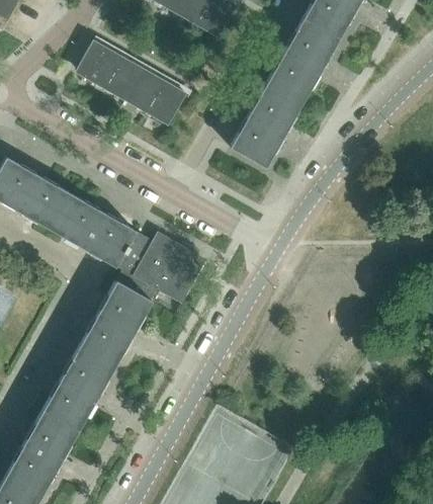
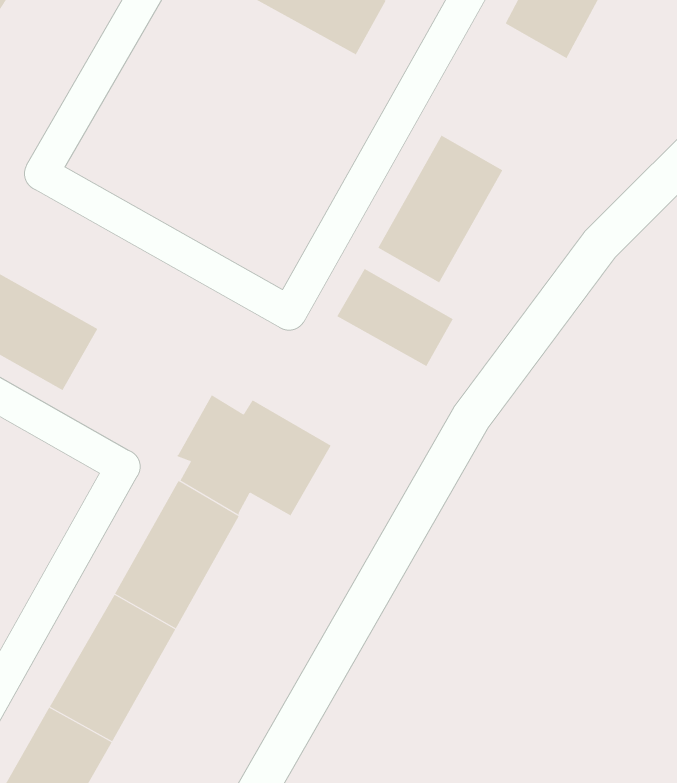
building: [267,18,339,102] -> none
building: [78,40,186,124] -> none
building: none -> [336,268,453,367]
building: [51,193,136,265] -> none

